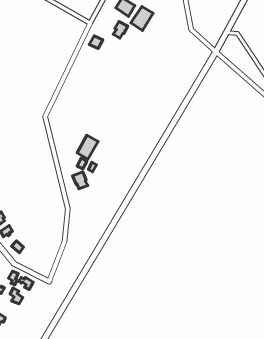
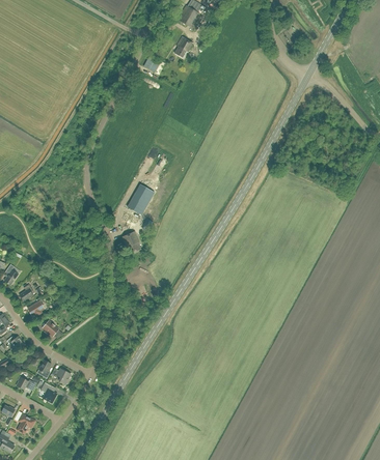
building: [131,6,153,30] -> none

